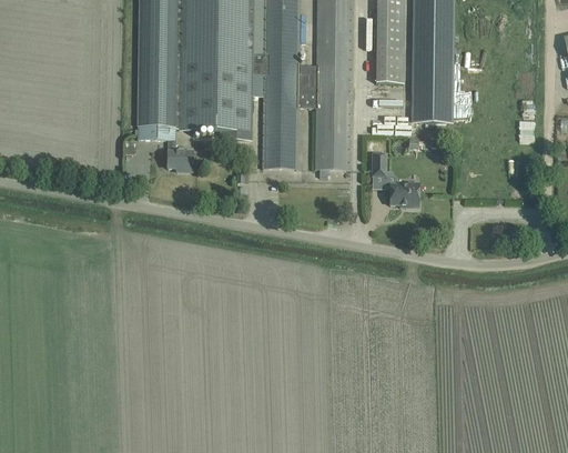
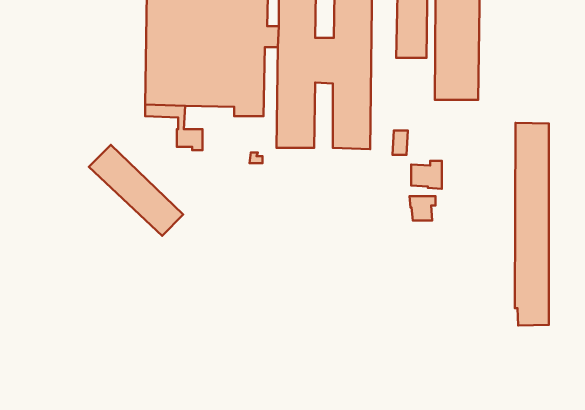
building: none -> [515,123,549,325]
building: none -> [89,145,183,236]
building: none -> [409,196,435,221]

